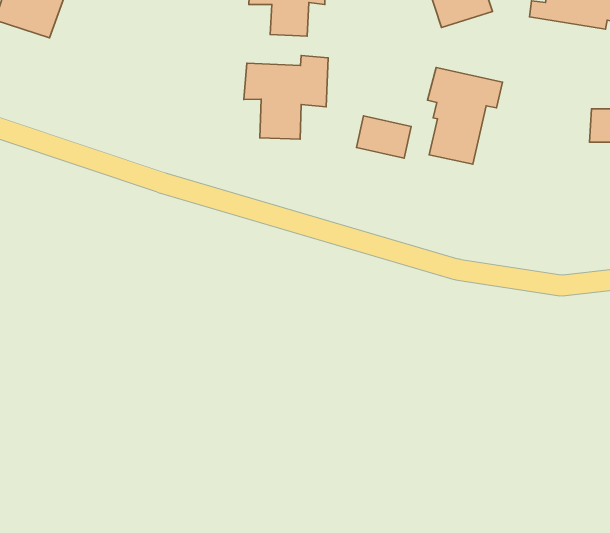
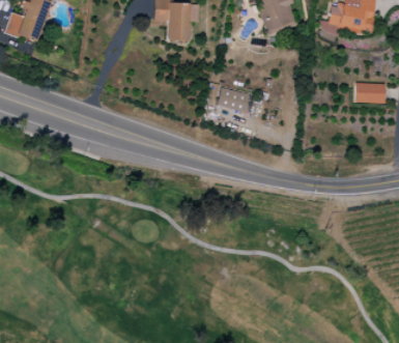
building: [244,56,328,139] -> none
building: [428,67,503,164] -> none

